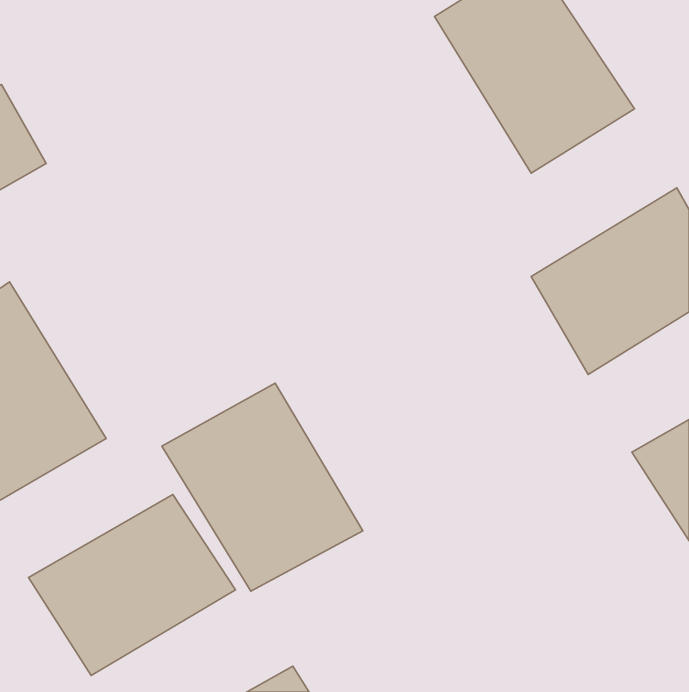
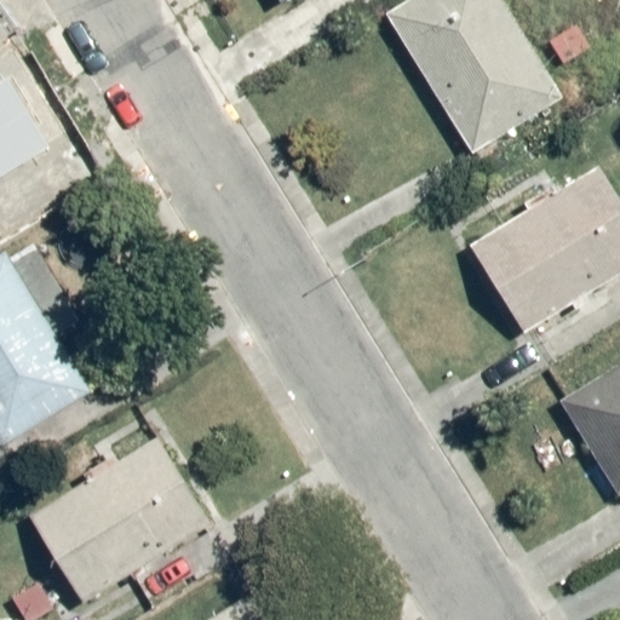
building: [162,383,363,591] -> none

